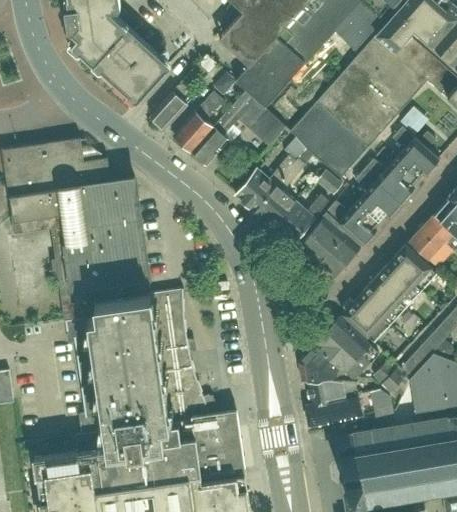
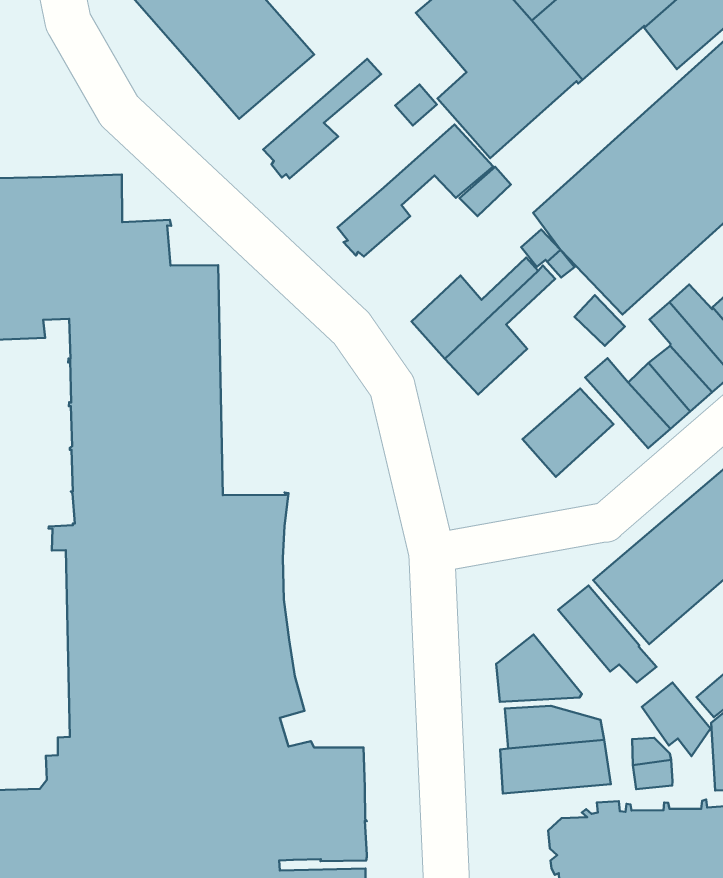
building: [174,92,223,151] -> none
building: [273,194,329,243] -> none
building: [317,234,359,277] -> none
building: [314,331,370,379] -> none

